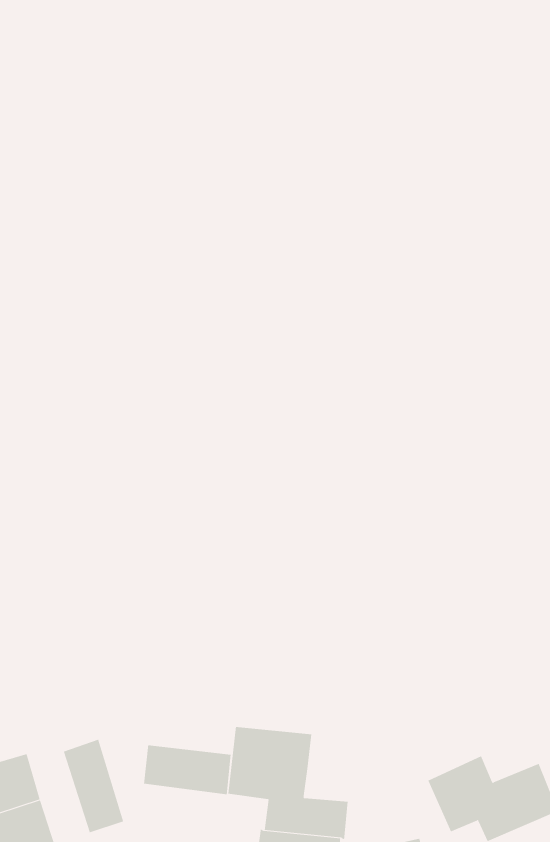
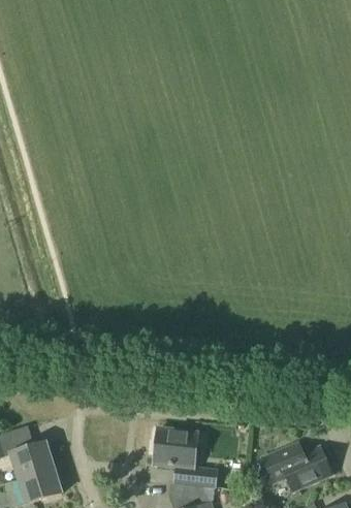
building: [63,739,124,833] -> none
building: [143,745,231,795] -> none

